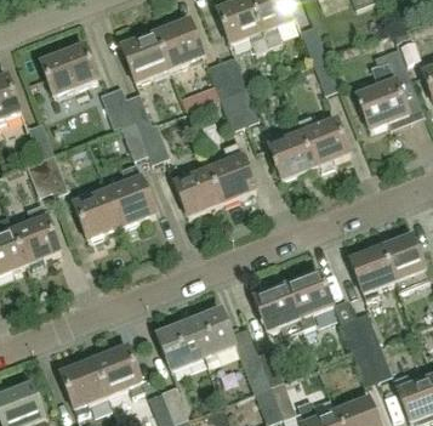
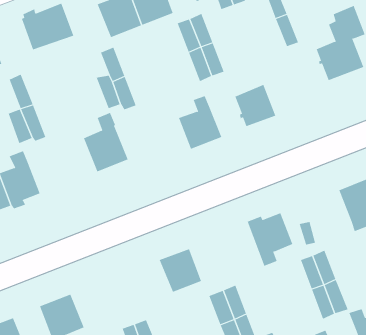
building: [101,85,135,126] -> none
building: [297,114,349,167] -> none
building: [175,167,222,215] -> none
building: [72,189,121,239] -> none
building: [349,245,394,297] -> none
building: [252,279,301,334] -> none
building: [156,320,203,369] -> none
building: [93,345,144,394] -> none

